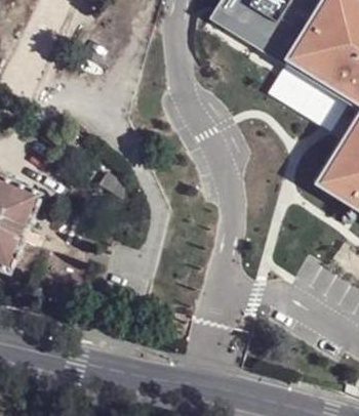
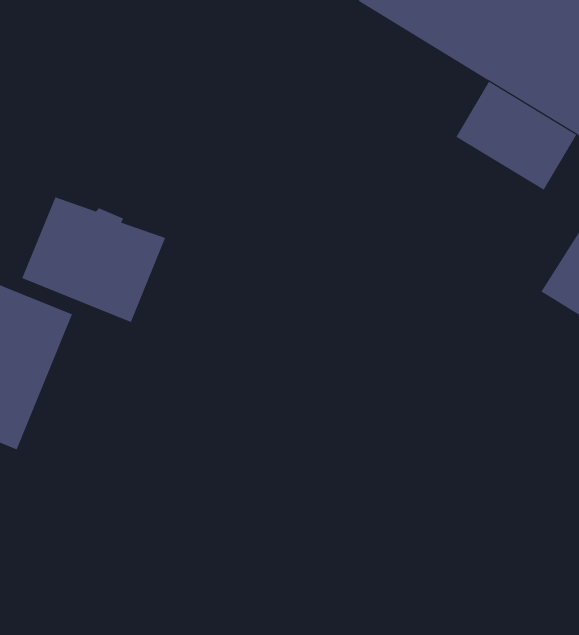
building: none -> [21,196,166,323]

